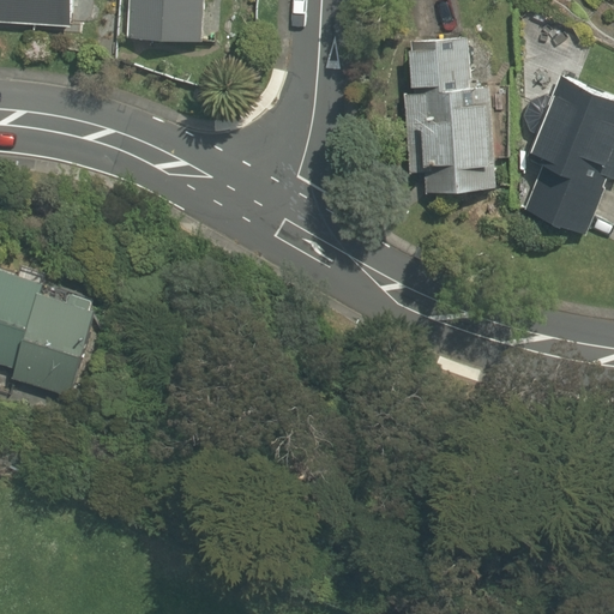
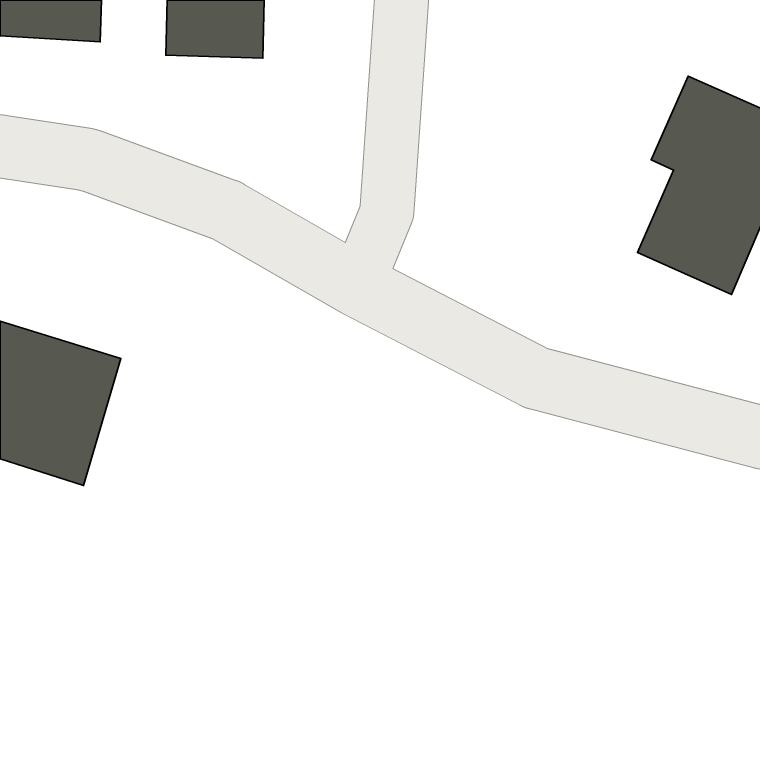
building: [398,28,482,189] -> none

